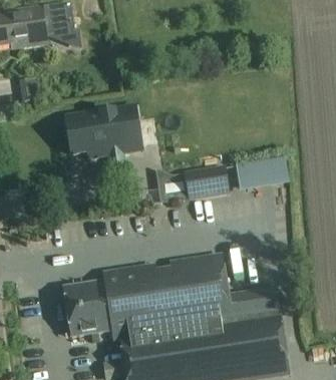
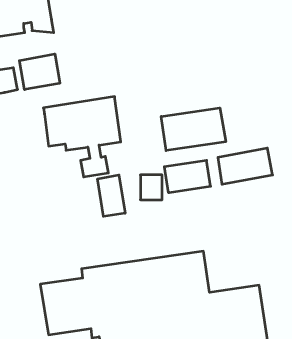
building: none -> [19,54,60,90]
building: none -> [161,108,226,151]
building: none -> [98,175,125,216]

